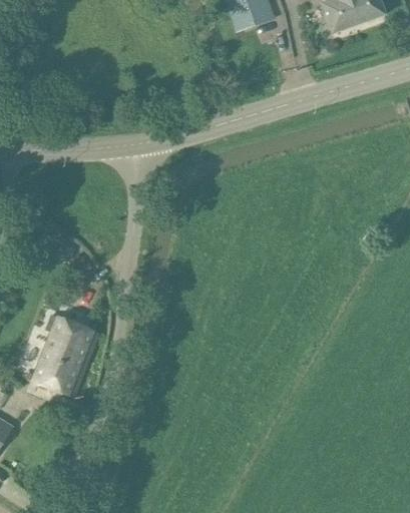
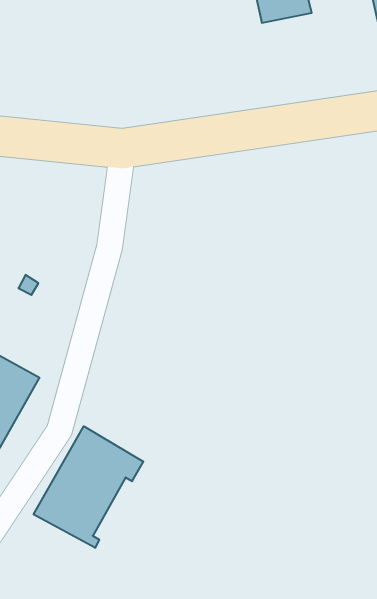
building: none -> [34,426,143,548]

